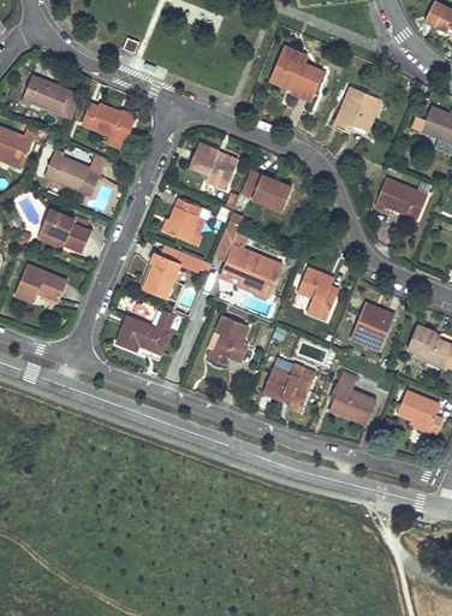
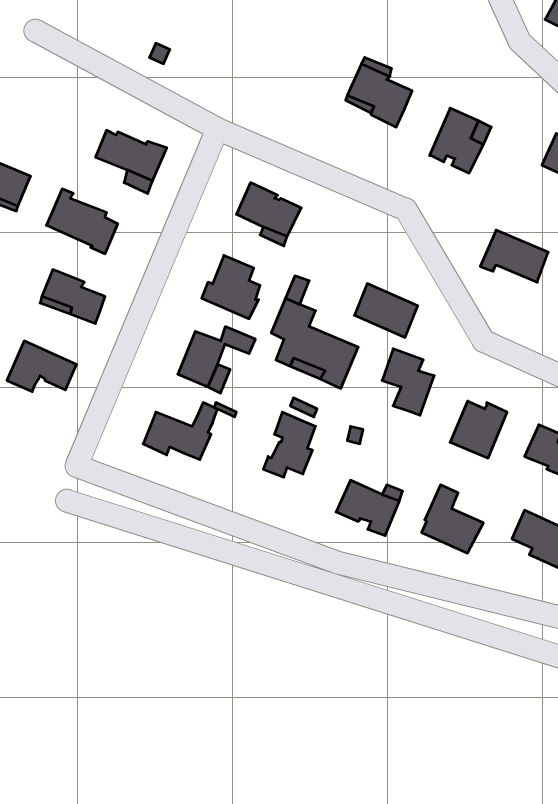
building: [22,73,70,113] -> none
building: [243,171,291,212] -> [354,284,418,337]

